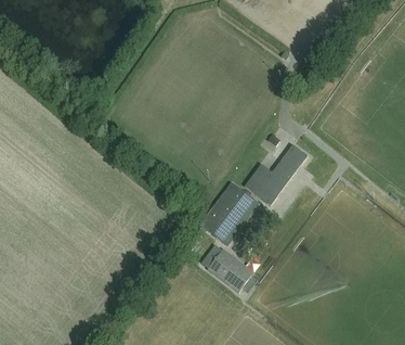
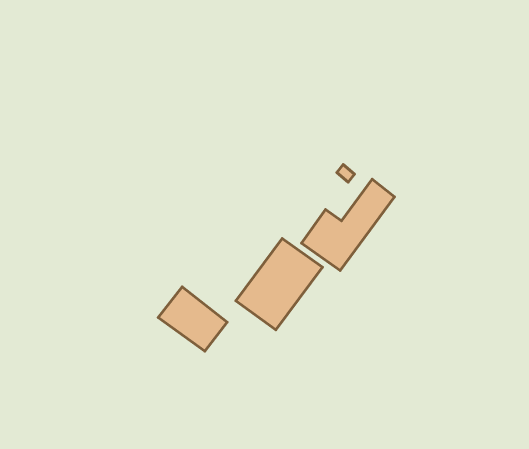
building: [207,248,253,292] -> [158,287,227,351]

